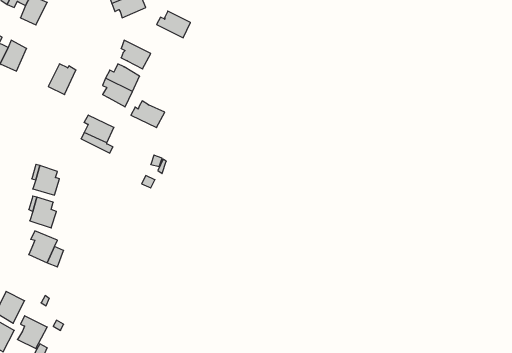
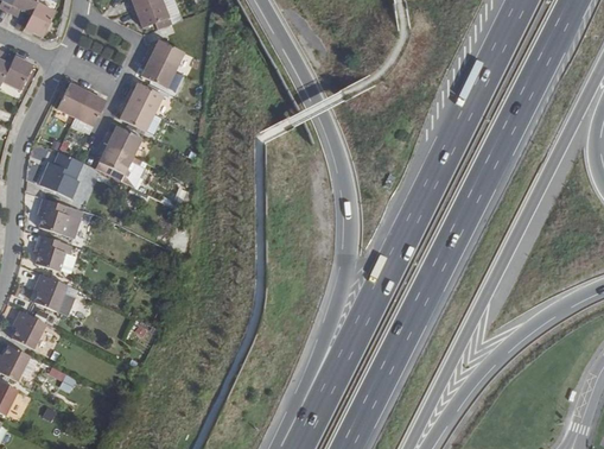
building: [157,11,190,38] -> [145,38,184,69]
building: none -> [76,88,107,125]
building: [131,101,165,128] -> [103,124,142,154]
building: none -> [39,151,85,198]
building: [17,316,47,349] -> [12,310,46,348]

